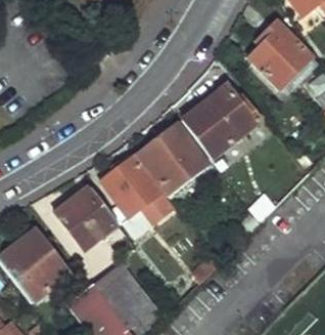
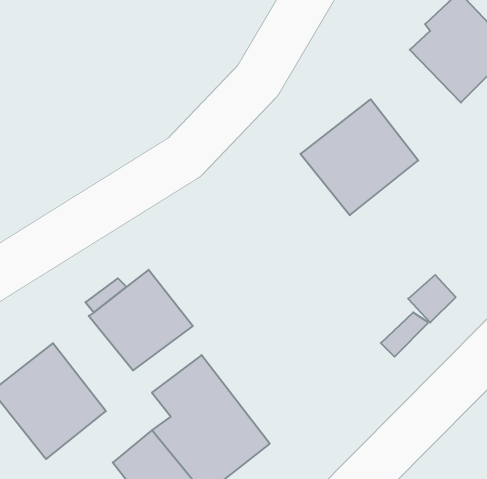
building: [140,122,210,191] -> none
building: [102,155,175,220] -> none

